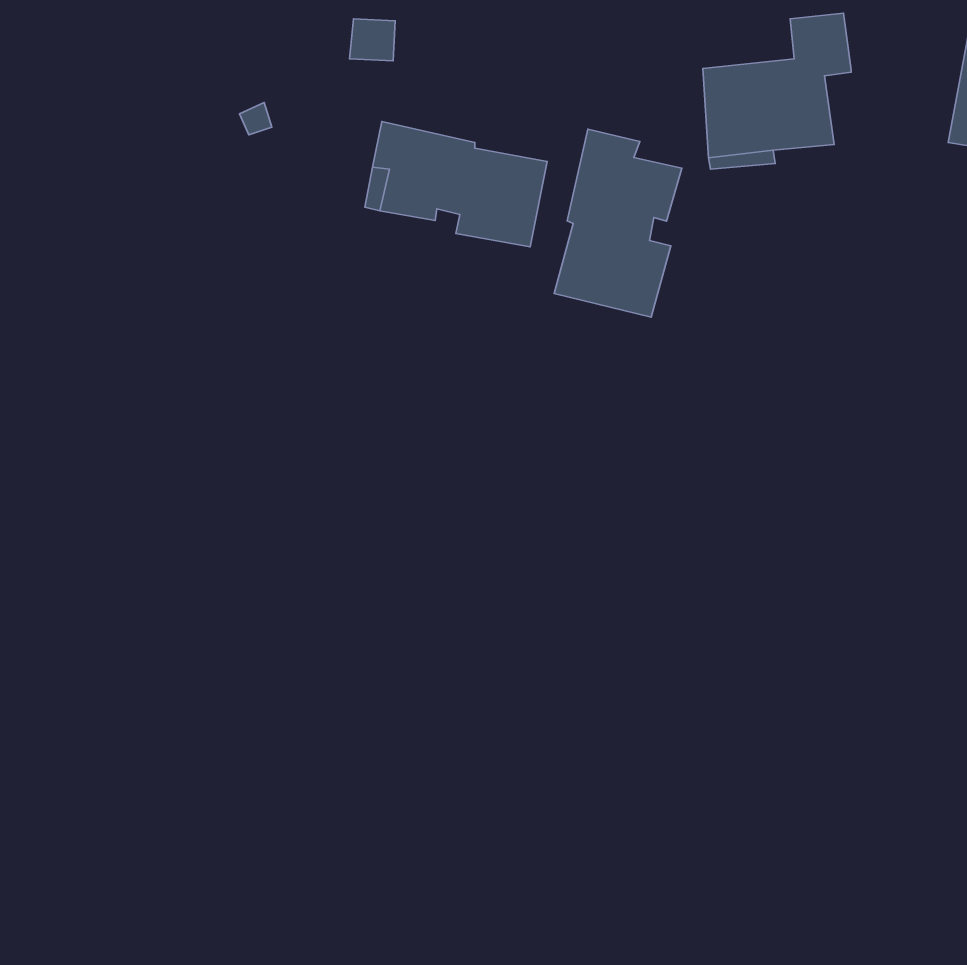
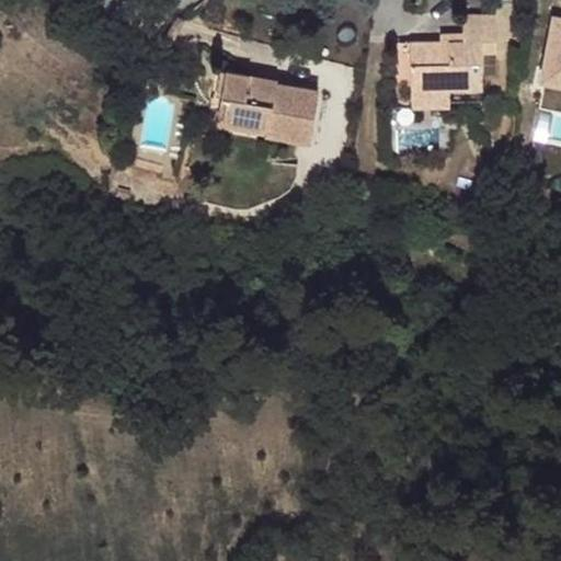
building: [554,129,682,317] -> none

